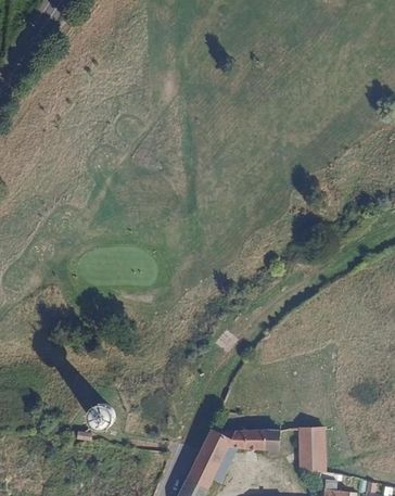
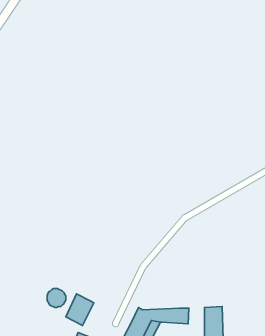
building: none -> [66,294,94,325]

